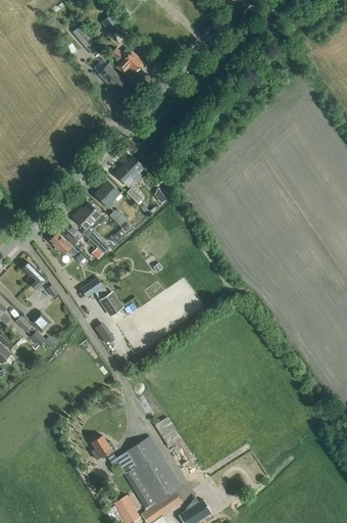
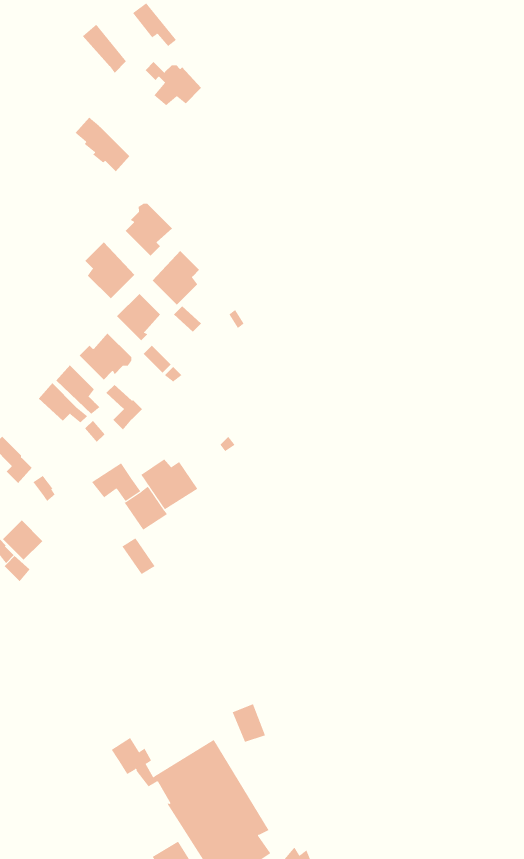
building: [93,59,125,91] -> [75,117,130,172]
building: none -> [125,203,173,257]
building: none -> [84,241,135,299]
building: none -> [141,458,198,510]

